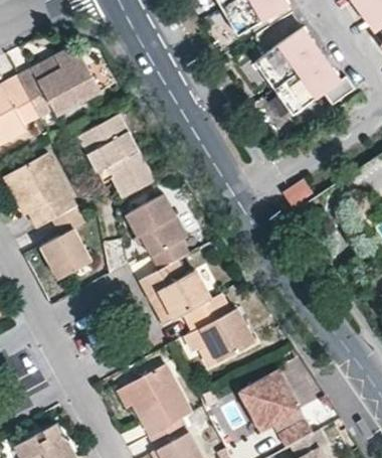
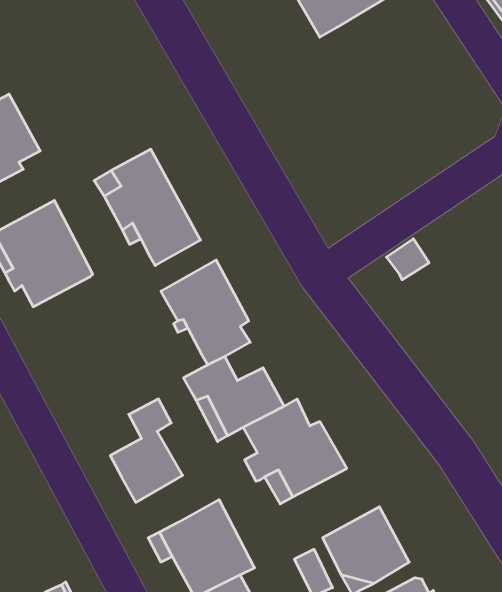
building: [255,27,354,115] -> none
building: [17,49,102,116] -> none
building: [40,205,91,279] -> [110,399,183,502]

